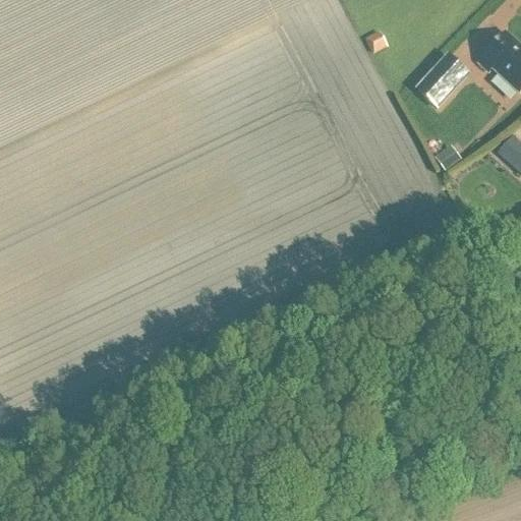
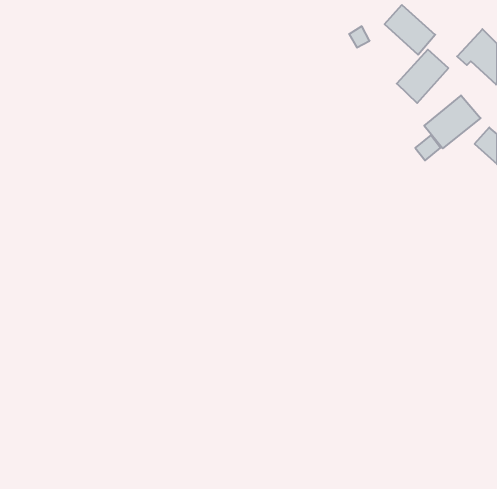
building: none -> [385,5,435,55]
building: none -> [424,95,481,148]

